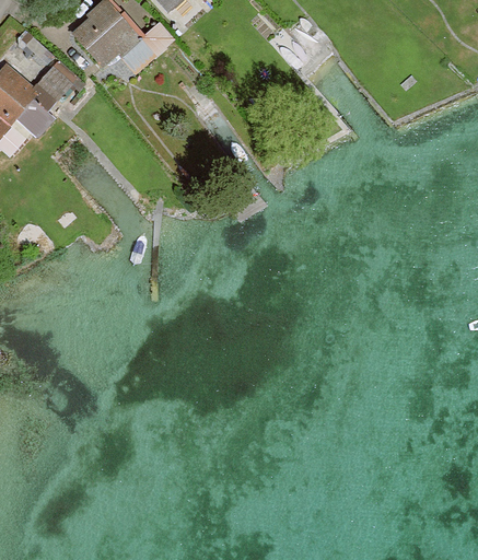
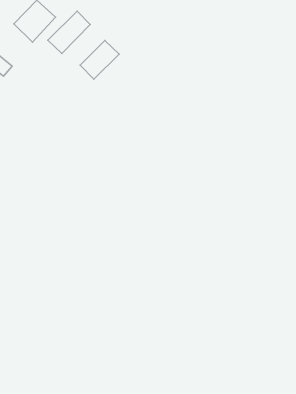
building: none -> [80,41,119,79]

